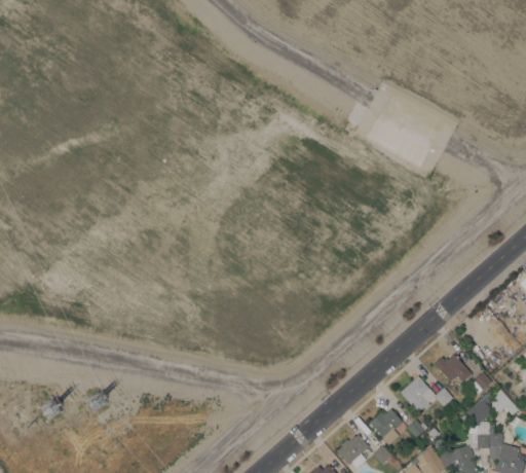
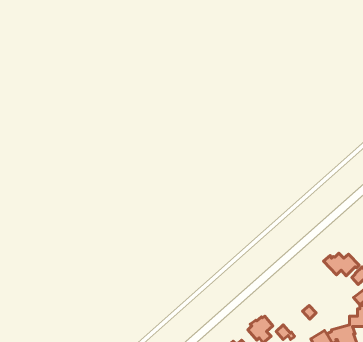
building: [401,375,453,412] -> none
building: [370,409,403,444] -> none

